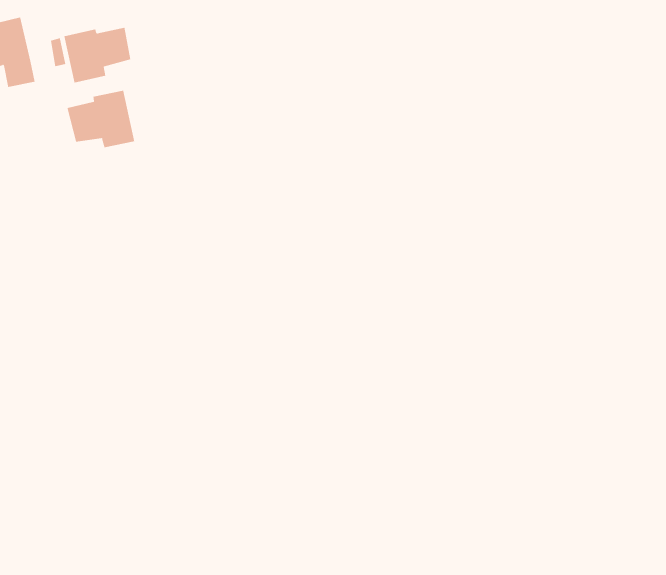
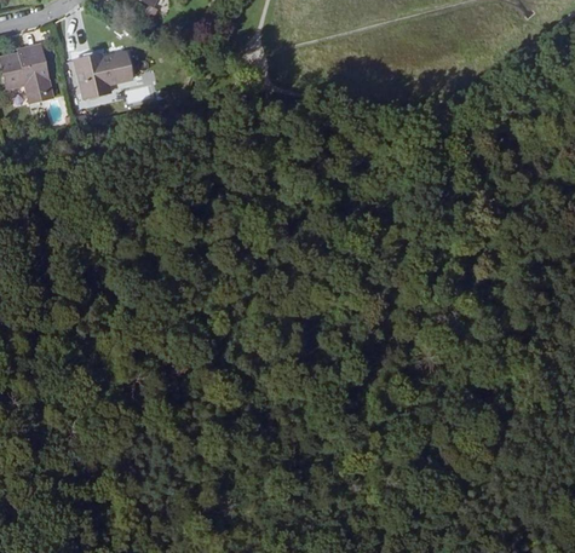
building: [67,90,135,148] -> none

